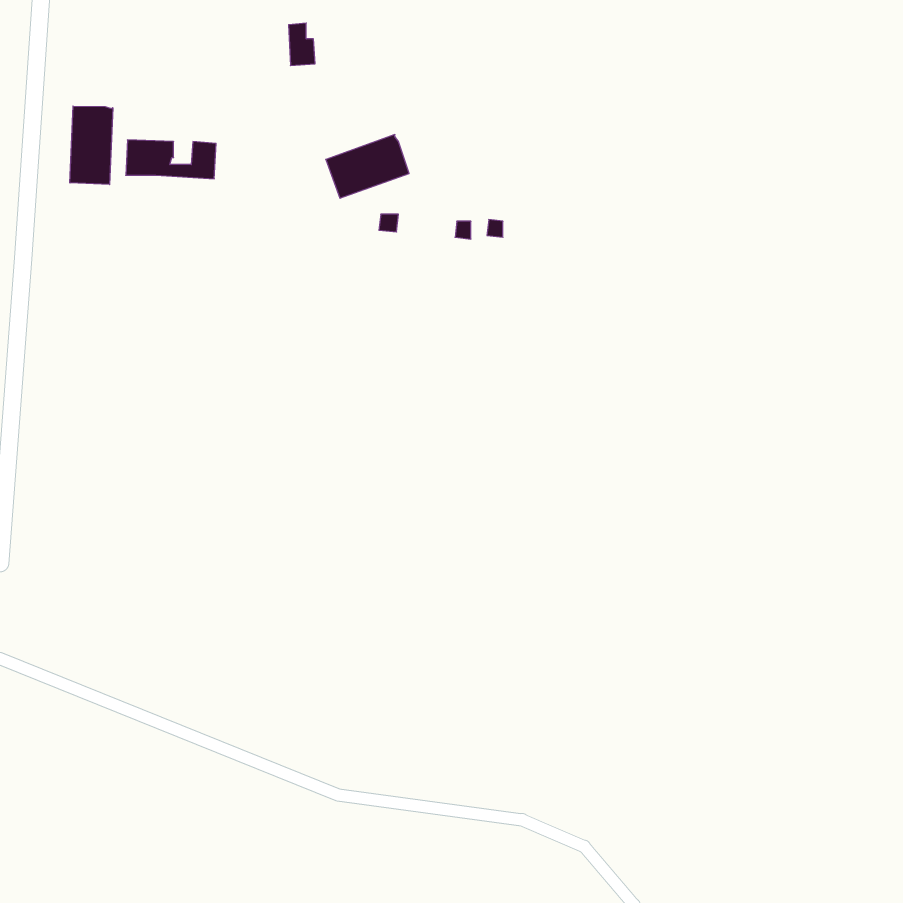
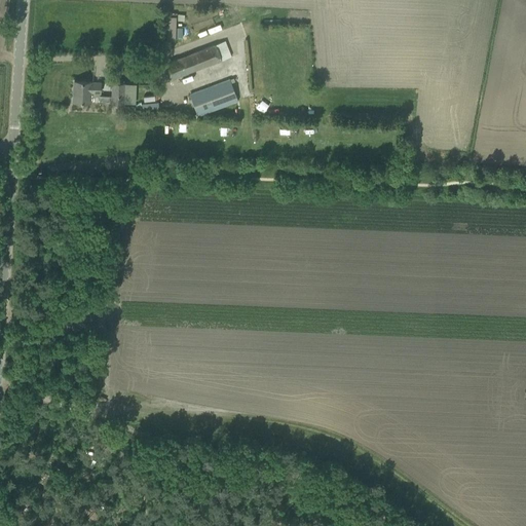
building: none -> [164,41,232,81]
building: [70,106,113,185] -> none

